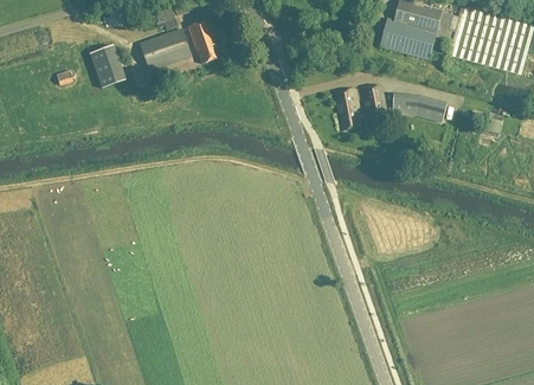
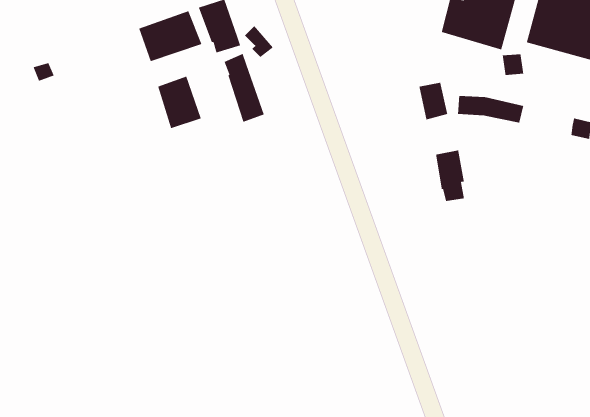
building: [90,45,126,88] -> [157,76,202,129]
building: none -> [223,53,265,123]
building: [334,86,358,128] -> [435,150,465,202]

